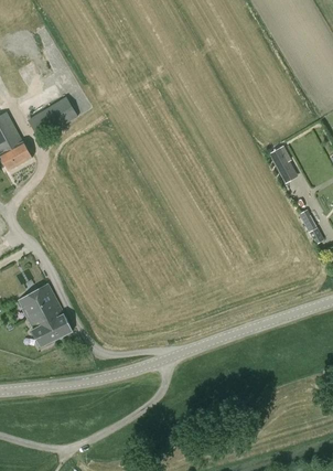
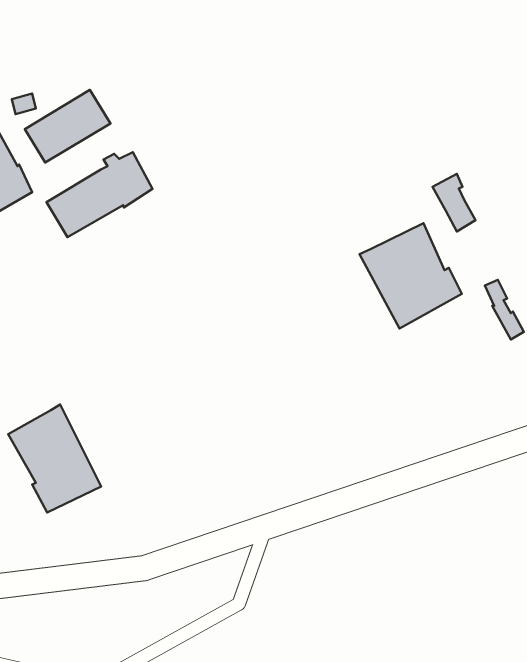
building: none -> [47,152,153,237]
building: none -> [359,223,462,328]

